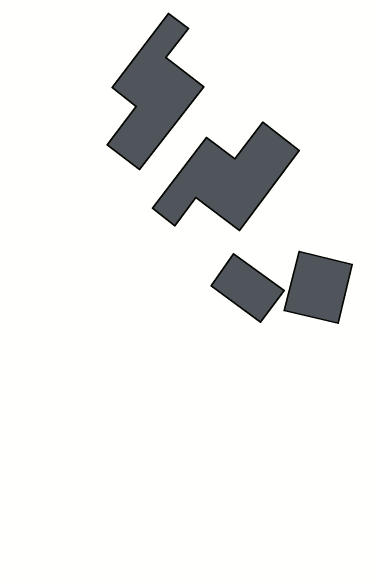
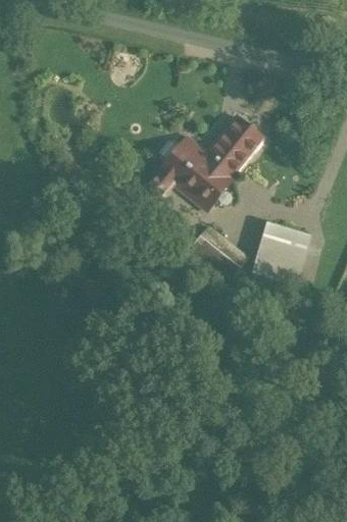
building: [107,14,204,169] -> none

